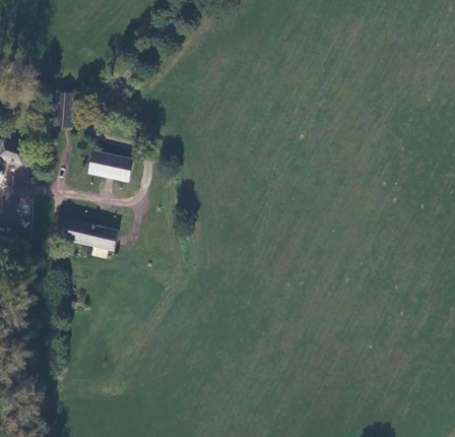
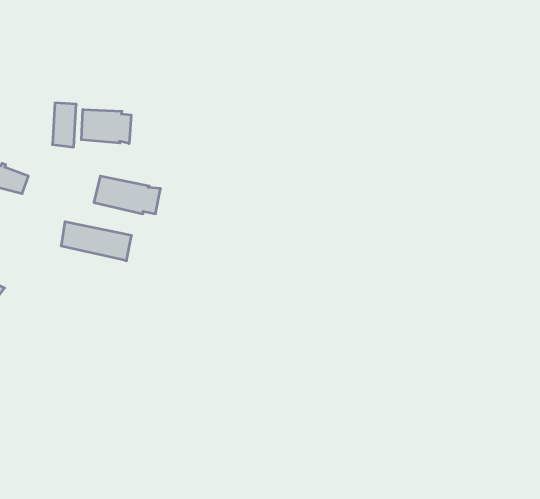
building: none -> [81,109,131,144]
building: [61,218,118,250] -> [61,222,132,261]

